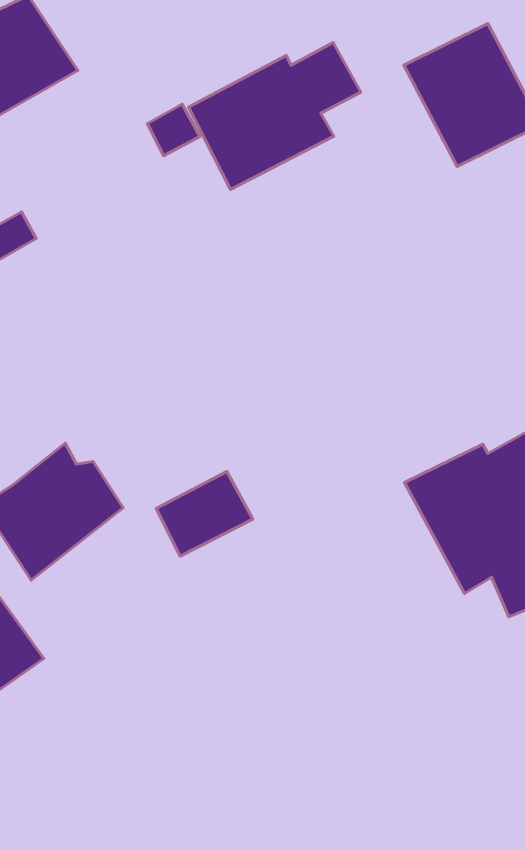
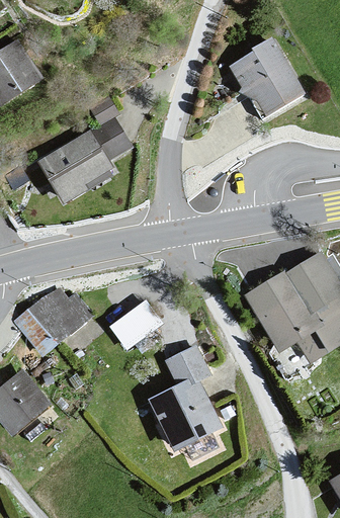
building: [189,42,361,189] -> [35,117,130,202]
building: none -> [146,347,228,450]

